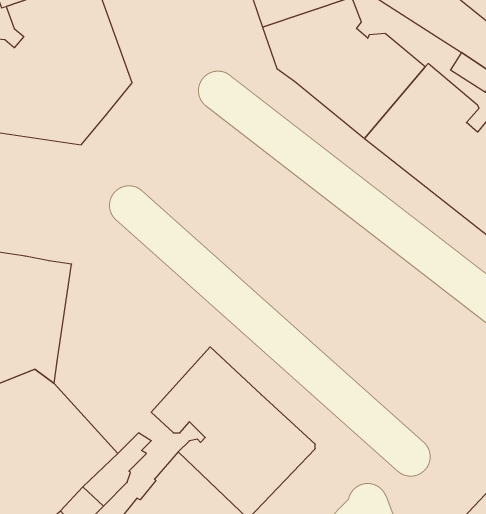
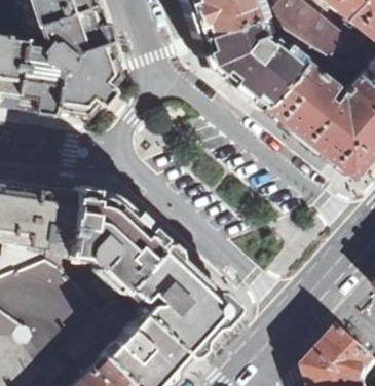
building: none -> [61,186,159,296]

